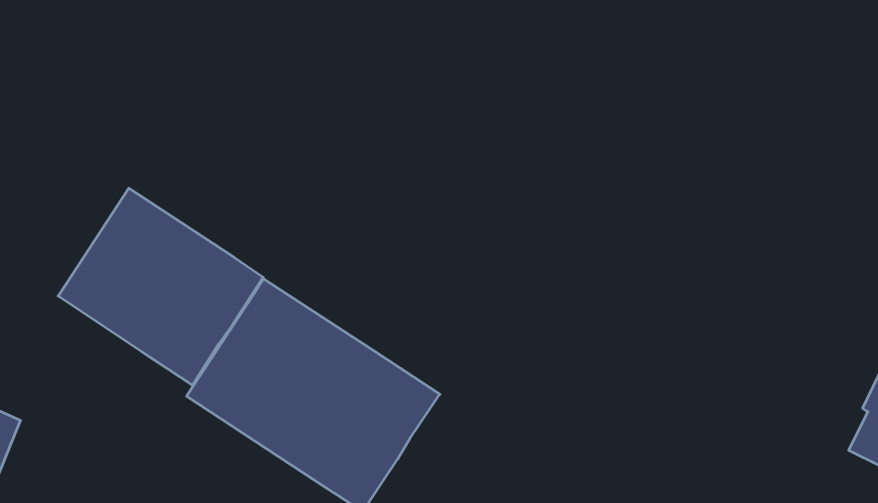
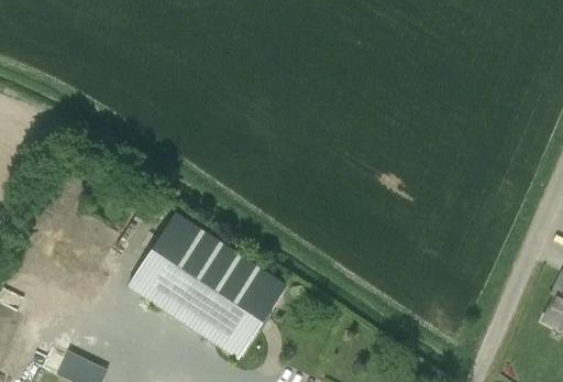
building: [58,188,263,385] -> none

